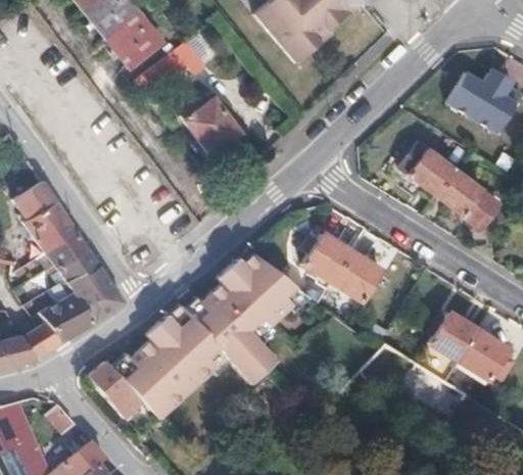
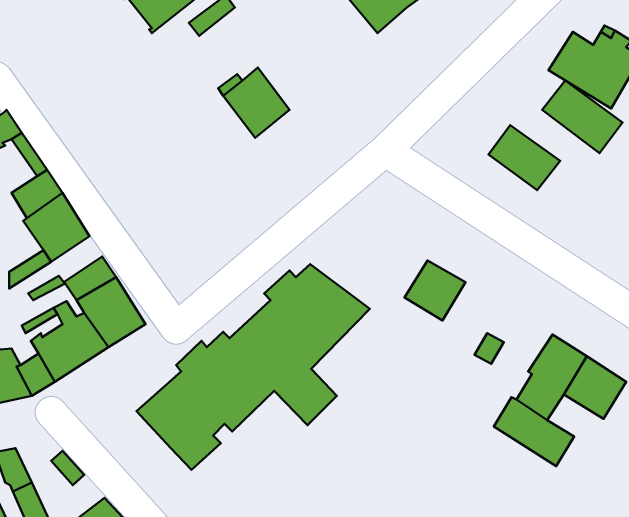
building: [437,173,502,231] -> [542,80,622,153]
building: [302,234,349,282] -> none
building: [90,362,144,420] -> none

